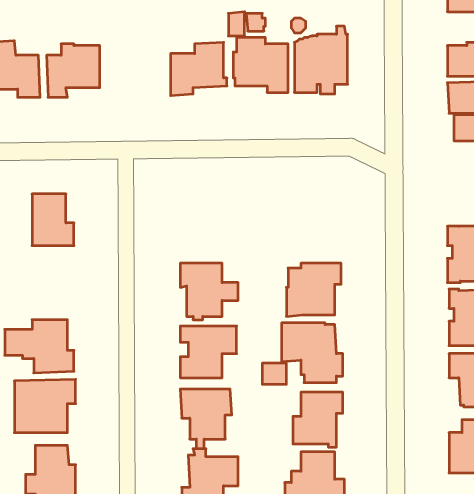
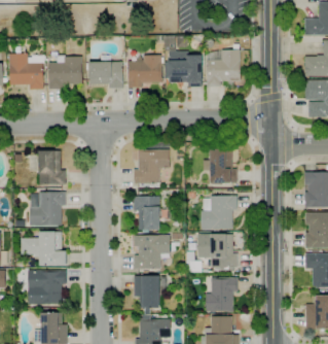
building: none -> [89,62,123,89]
building: none -> [131,148,169,186]
building: none -> [204,149,238,183]
building: none -> [30,192,66,226]

